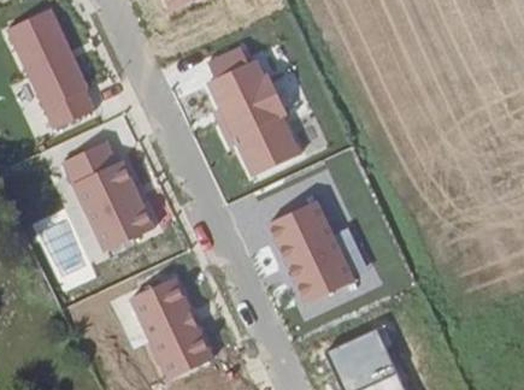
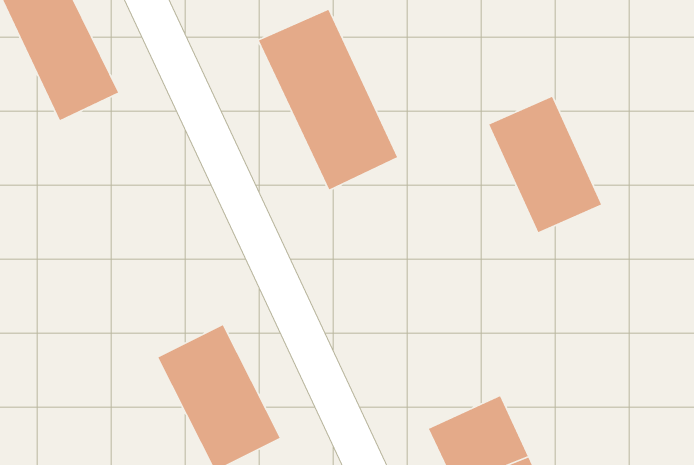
building: [65,136,159,249] -> none
building: [267,203,351,303] -> [488,96,602,233]

